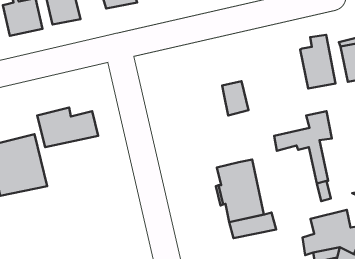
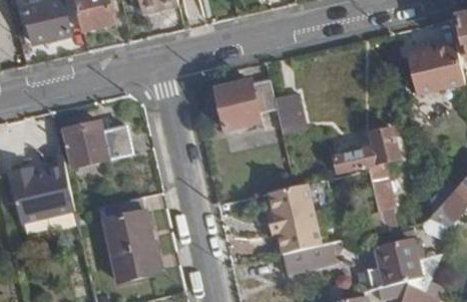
building: [300,35,336,88] -> none
building: none -> [218,80,276,128]
building: none -> [102,198,158,282]

